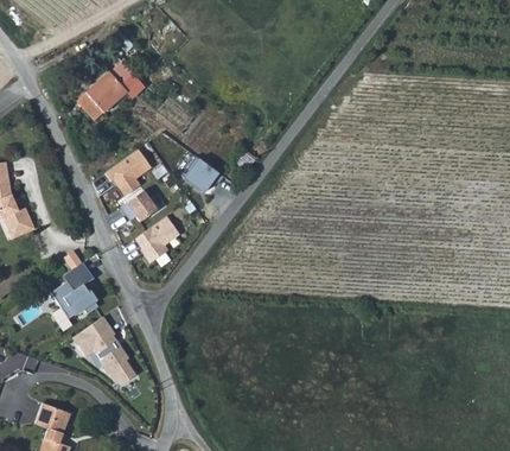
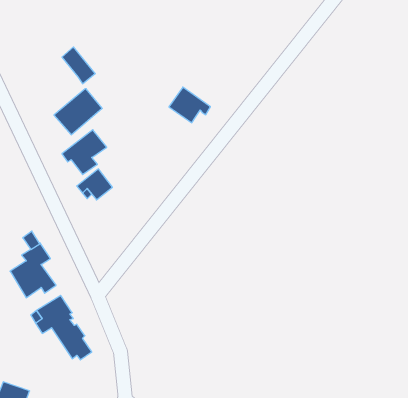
building: [72,72,122,120] -> [54,89,102,135]
building: [184,157,227,193] -> [169,87,210,123]
building: [135,214,179,261] -> none

